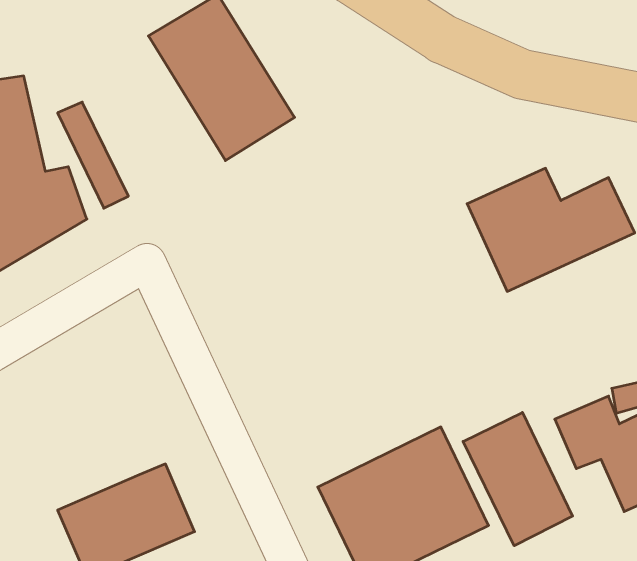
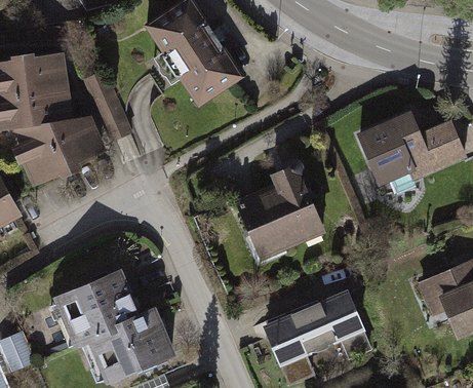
building: none -> [234,164,325,262]
building: none -> [51,270,140,348]
building: [463,412,573,546] -> none

